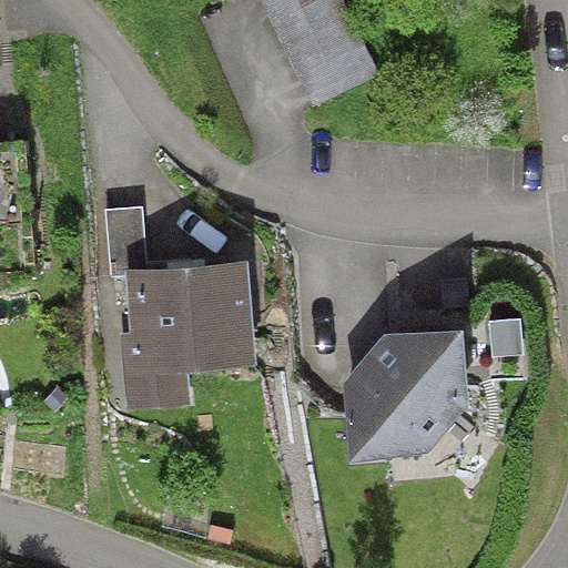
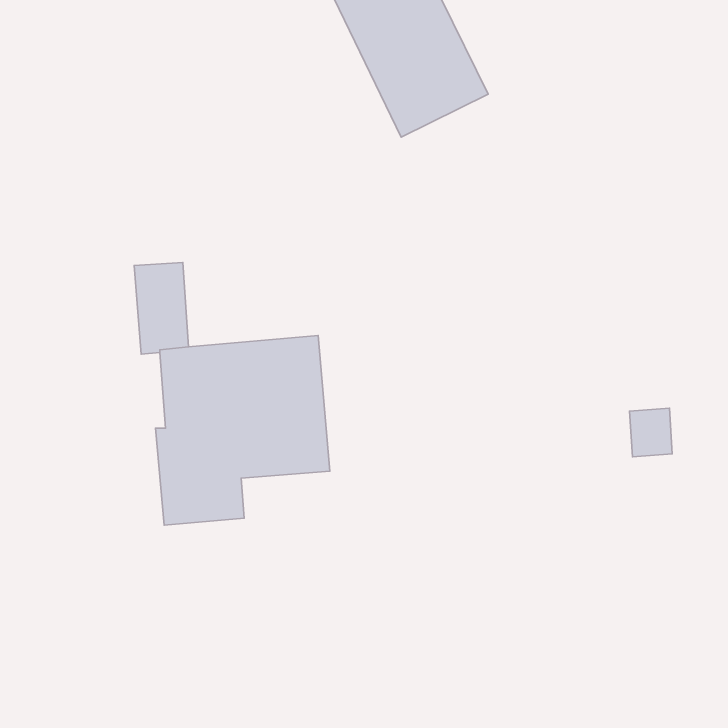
building: [344,328,469,463] -> none

